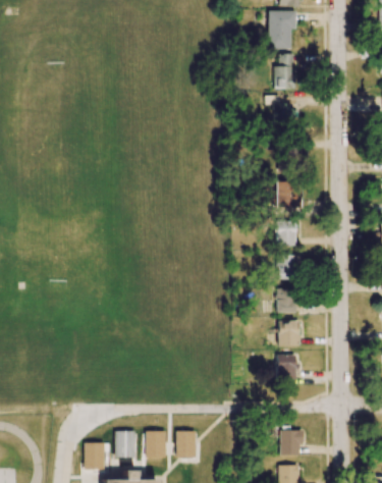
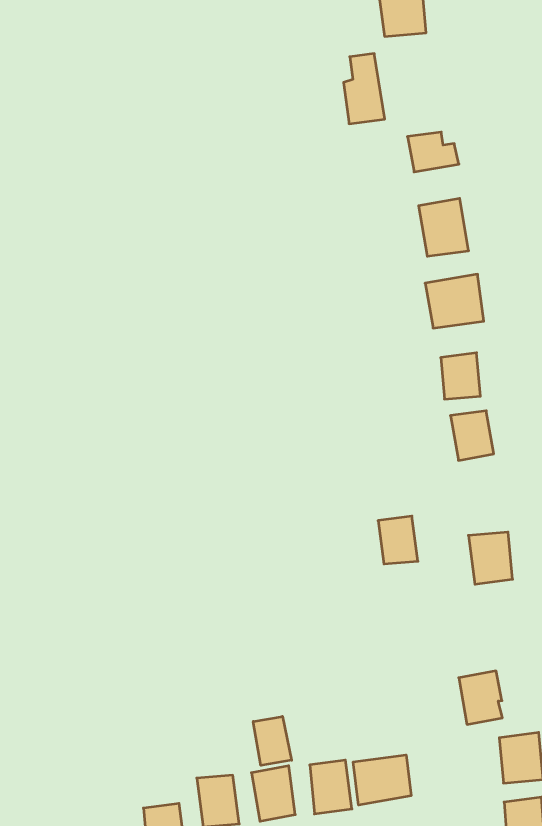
building: [275,53,294,89] -> [344,54,385,124]
building: [277,288,295,313] -> [378,516,418,564]
building: [276,354,297,380] -> [459,671,502,724]
building: none -> [253,716,292,765]
building: none -> [353,755,411,805]

